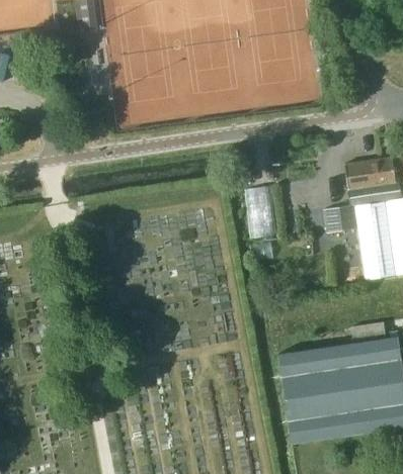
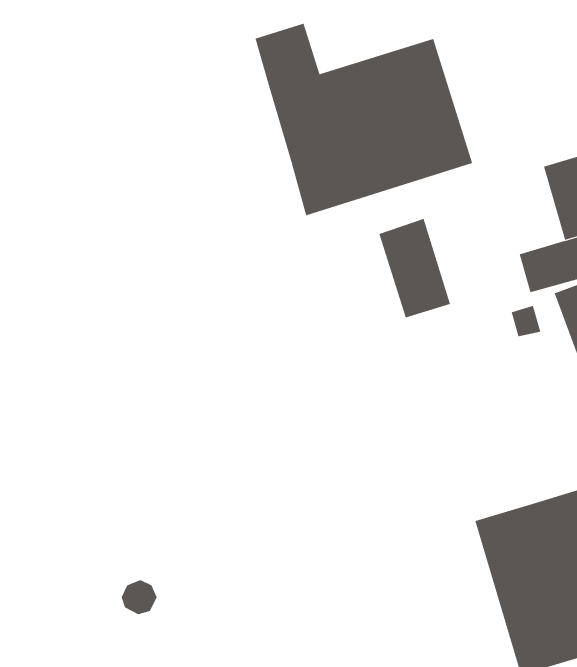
building: none -> [255,23,473,216]

